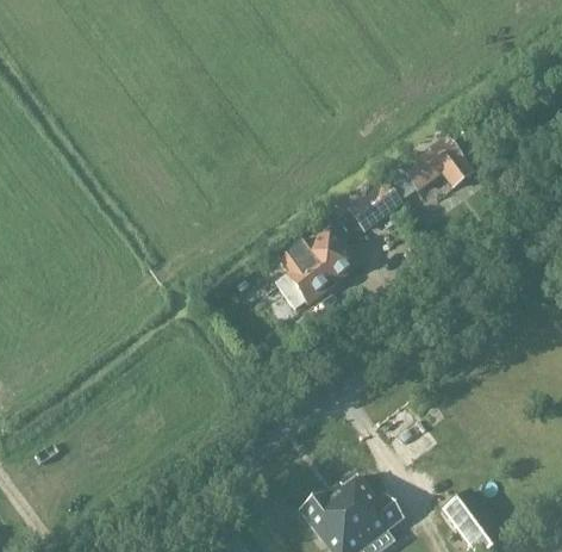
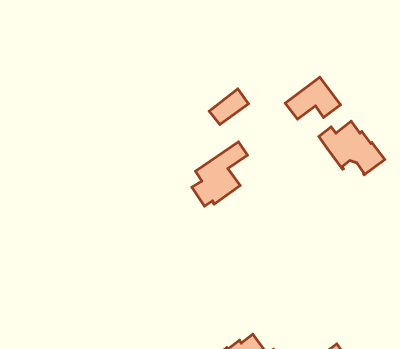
building: [349,181,401,229] -> [209,89,248,125]
building: none -> [319,121,385,175]

